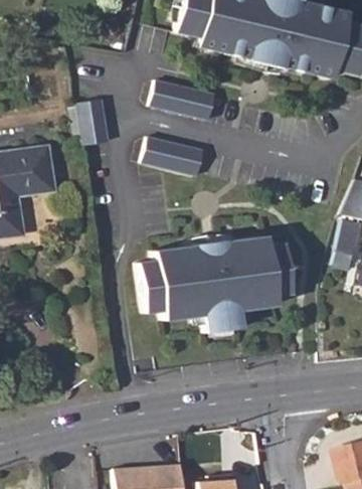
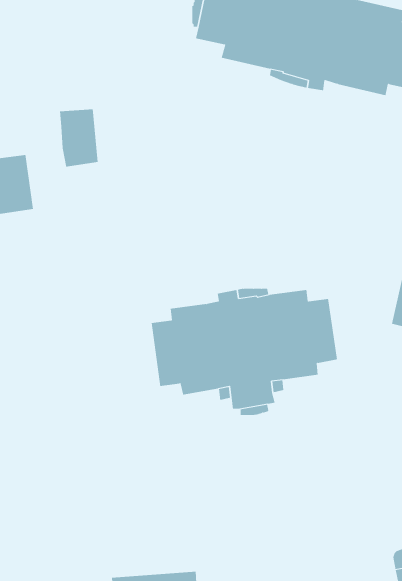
building: [157,89,219,126] -> none
building: [149,143,208,181] -> none

